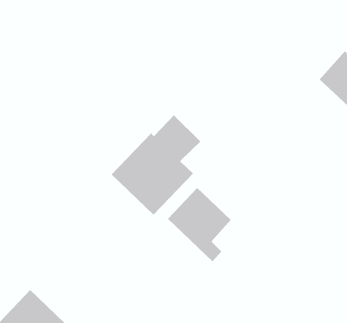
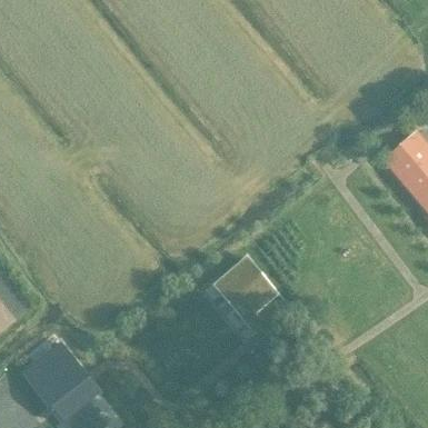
building: [111,114,201,216] -> none

